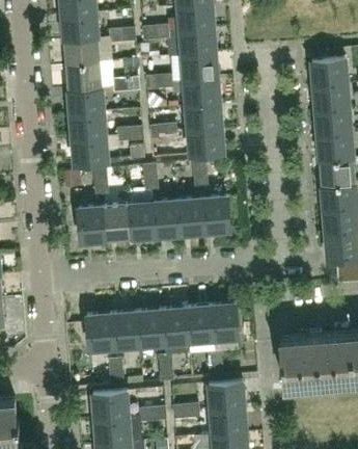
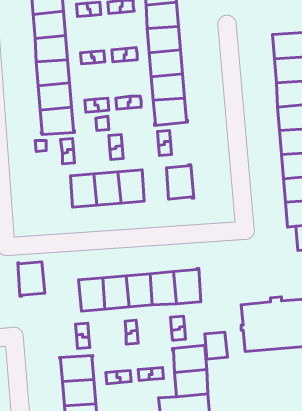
building: [177,197,204,232] -> none
building: [78,206,106,241] -> none
building: [87,313,115,348] -> [18,262,45,296]
building: none -> [205,332,228,359]

